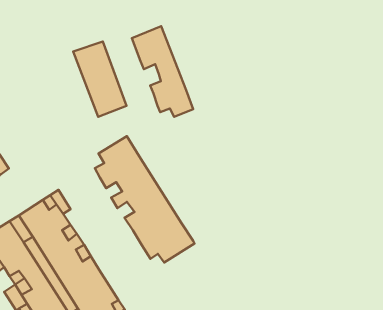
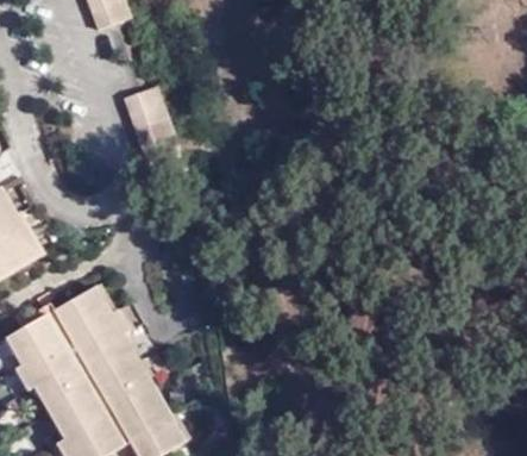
building: [132,26,193,117] -> none
building: [95,136,195,263] -> none

